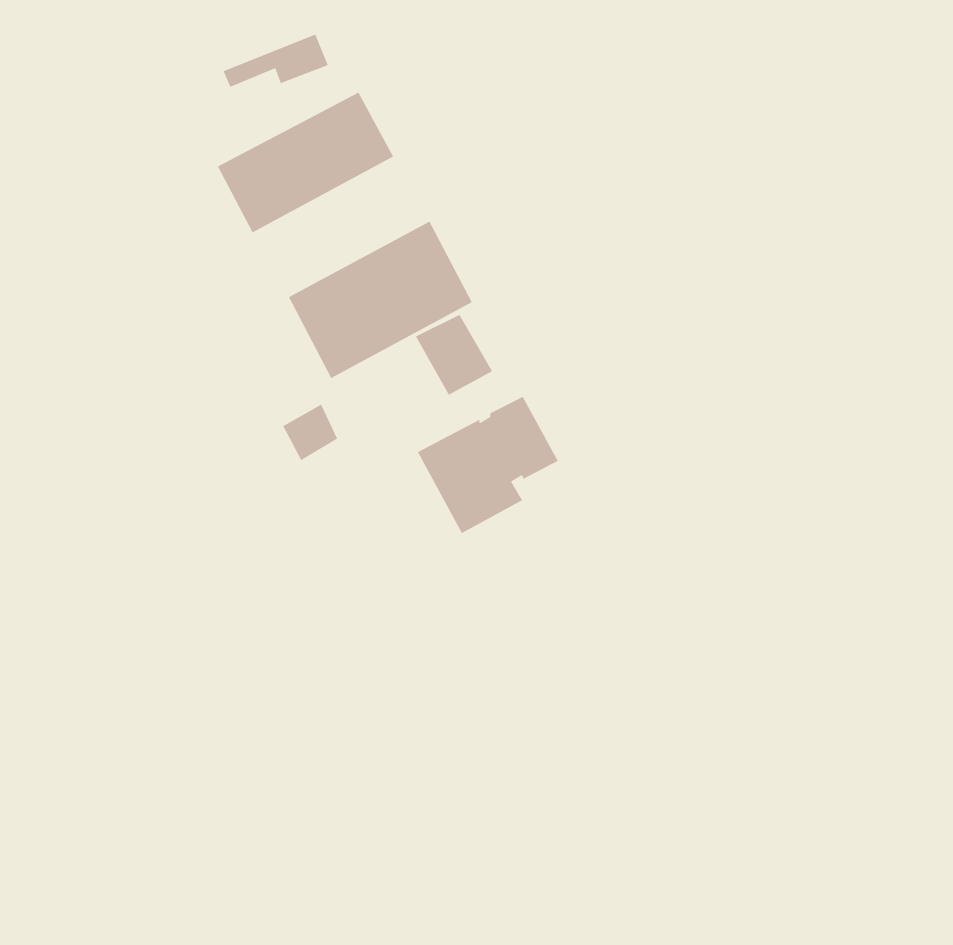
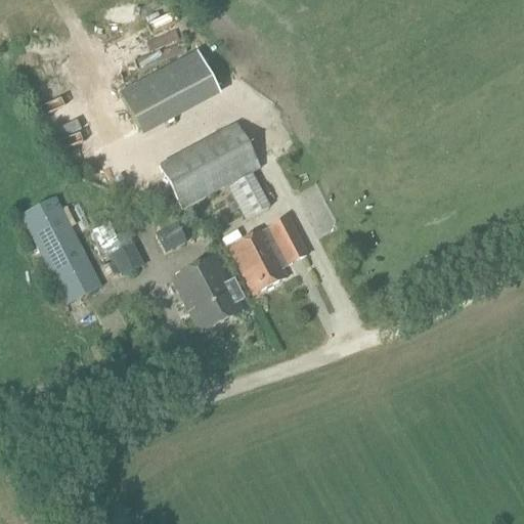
building: none -> [21,194,103,304]
building: none -> [110,241,145,275]
building: none -> [172,256,244,332]

